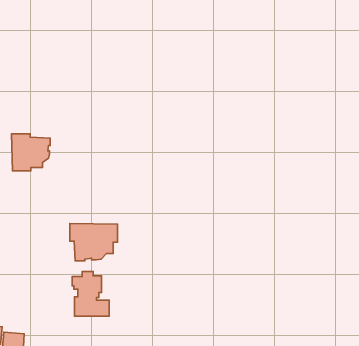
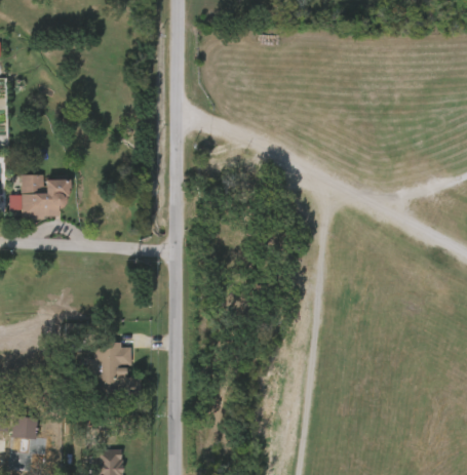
building: [70,223,118,261] -> none

